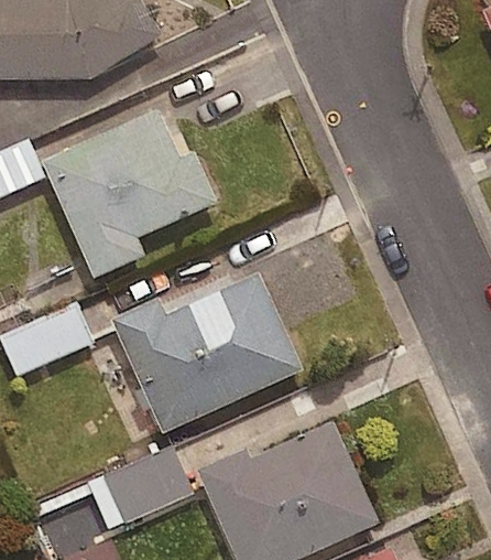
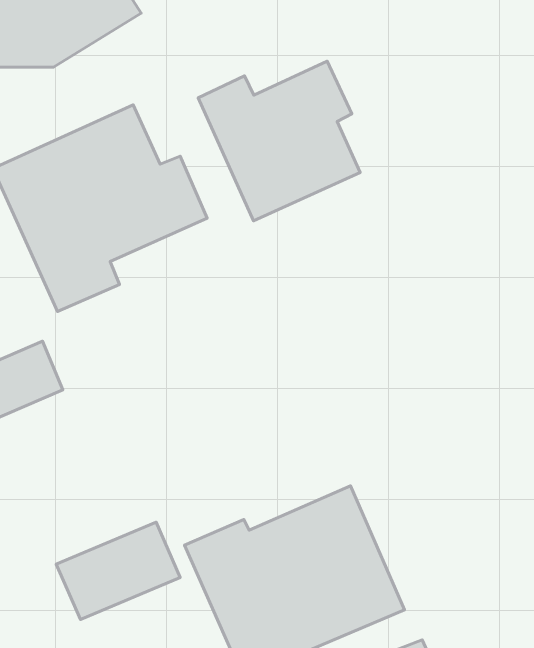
building: none -> [198,61,360,221]
building: [109,273,302,434] -> none

